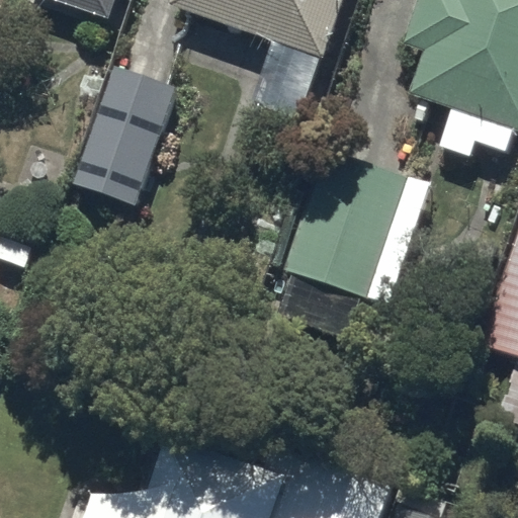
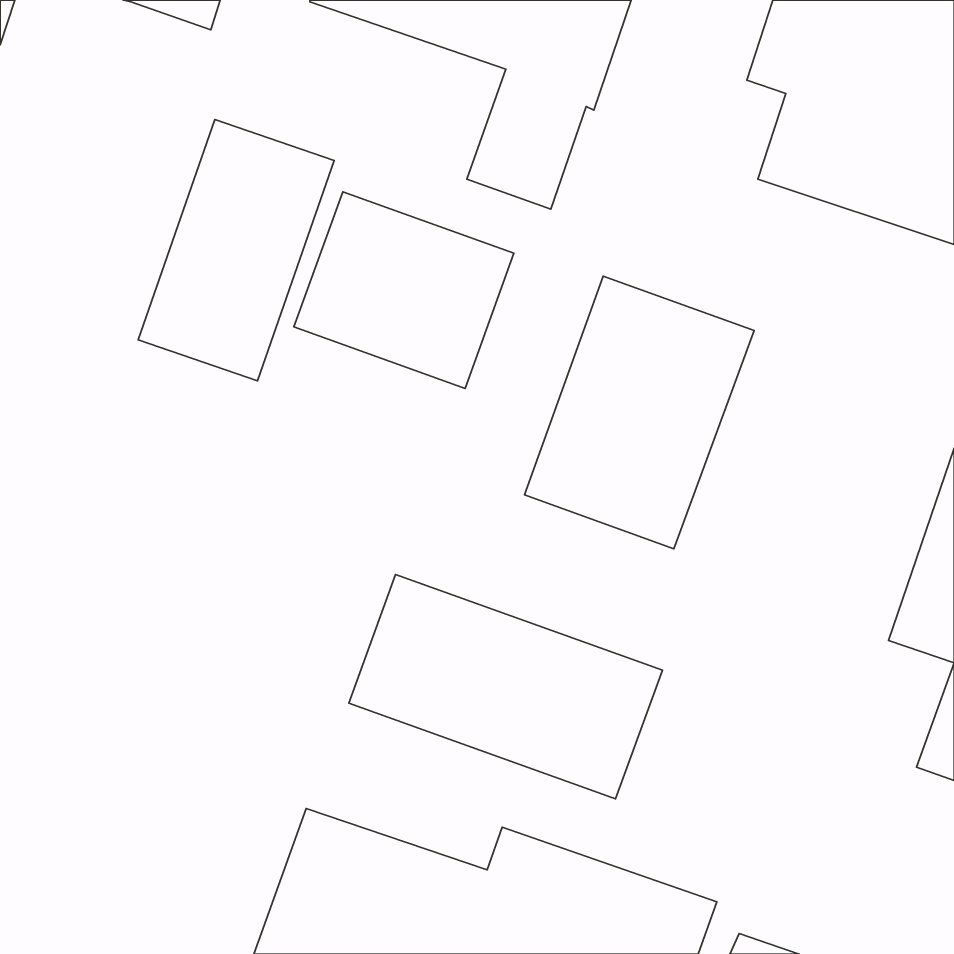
building: none -> [294,192,514,388]
building: none -> [349,574,662,799]

